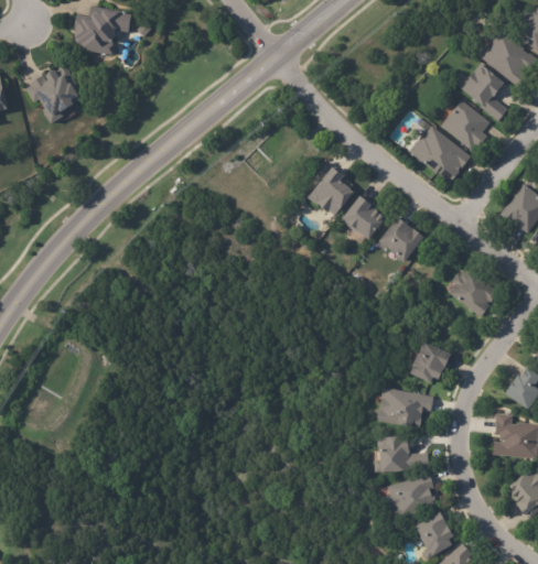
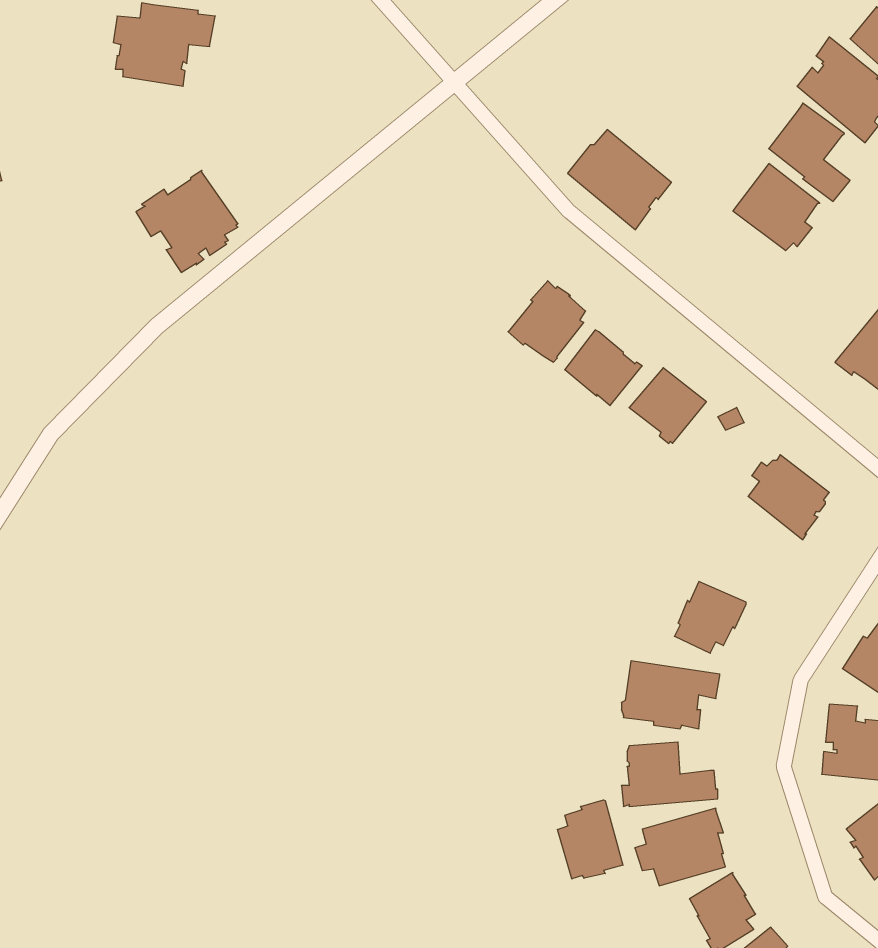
building: [28,62,87,121] -> [136,170,238,272]
building: [410,126,471,184] -> [568,130,671,230]
building: none -> [557,800,623,879]

